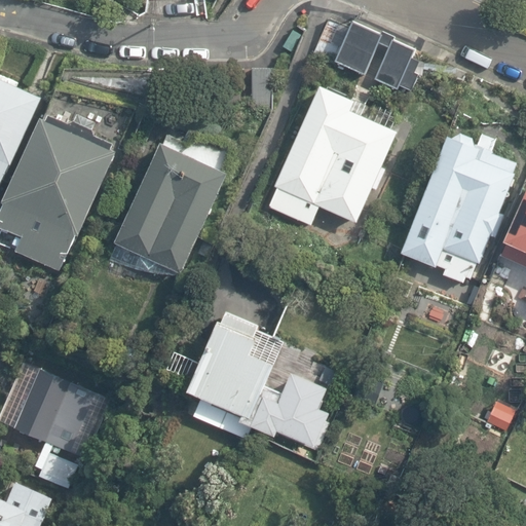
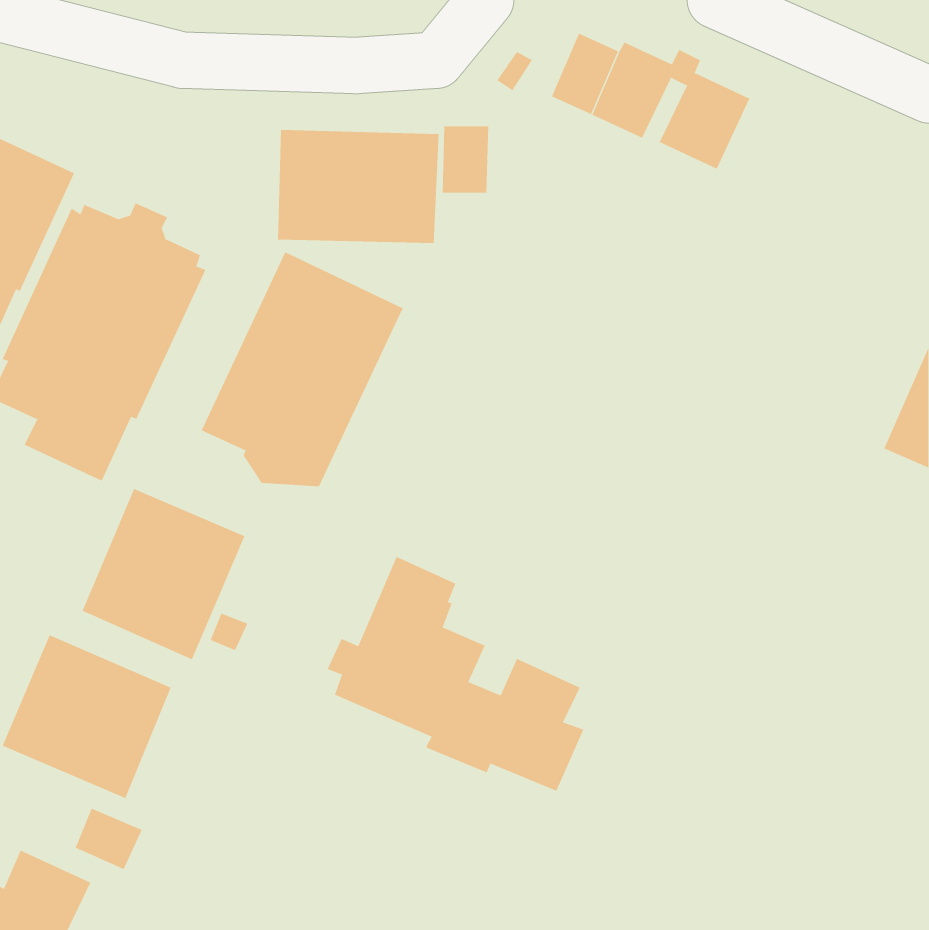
building: none -> [277,129,439,244]
building: [263,85,396,226] -> none
building: [399,133,518,278] -> none
building: none -> [82,488,245,660]

